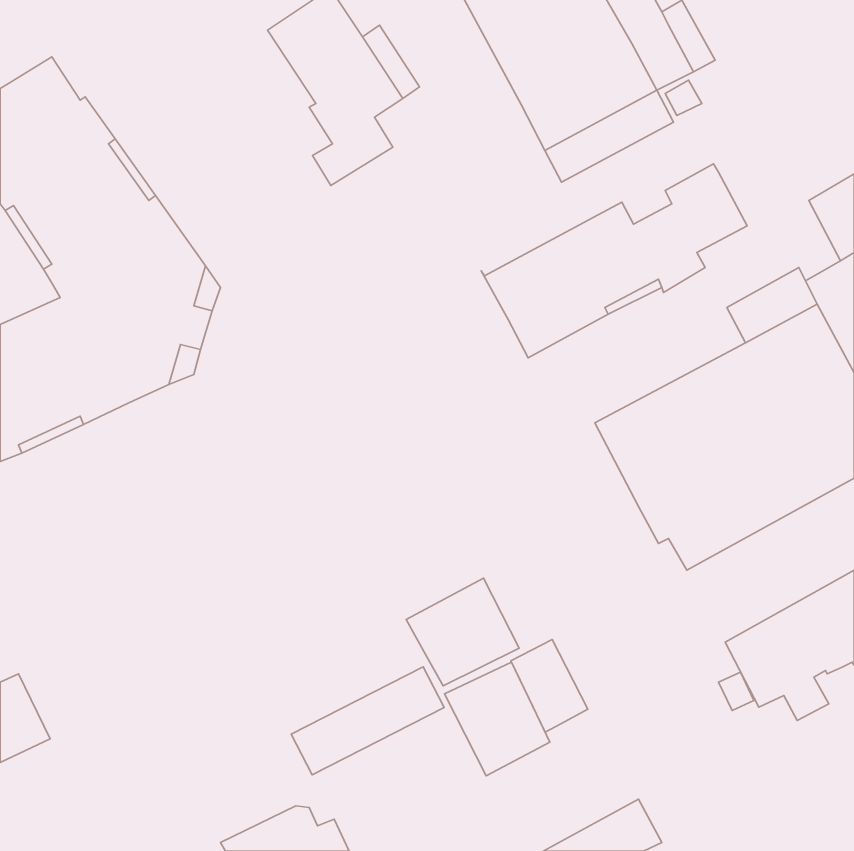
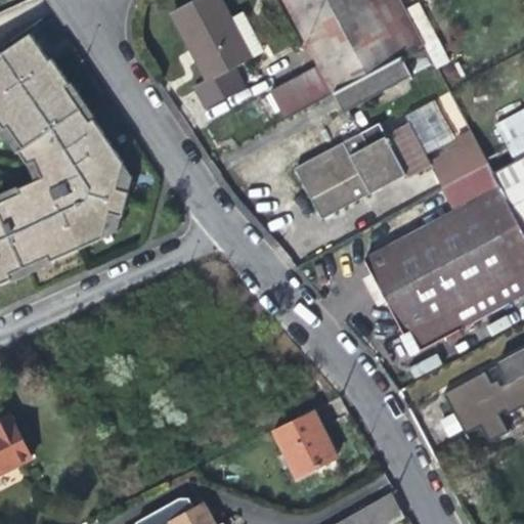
building: none -> [269,64,334,118]
building: none -> [432,132,489,188]
building: [406,578,519,686] -> none
building: [511,640,588,732] -> none
building: [291,667,444,775] -> none

